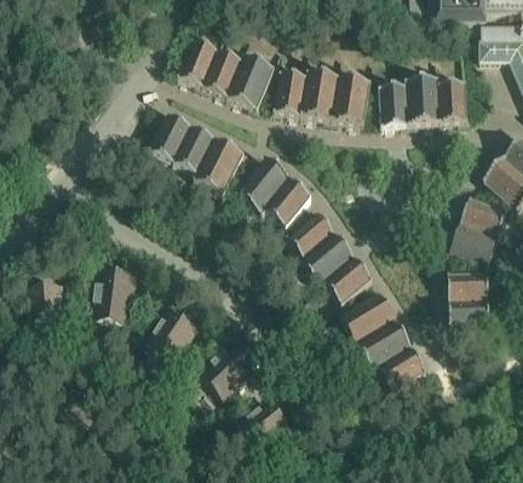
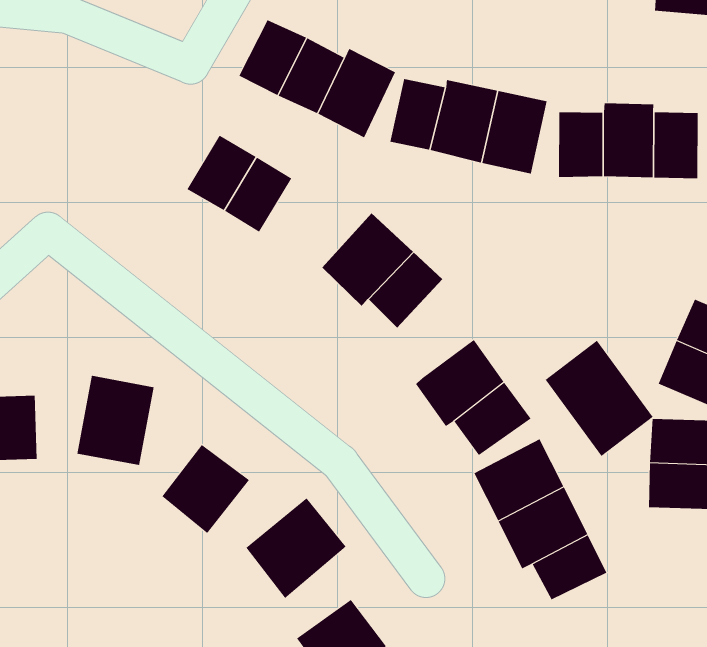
building: [194,136,245,191] -> none
building: [286,209,334,255] -> none
building: none -> [545,340,654,457]

